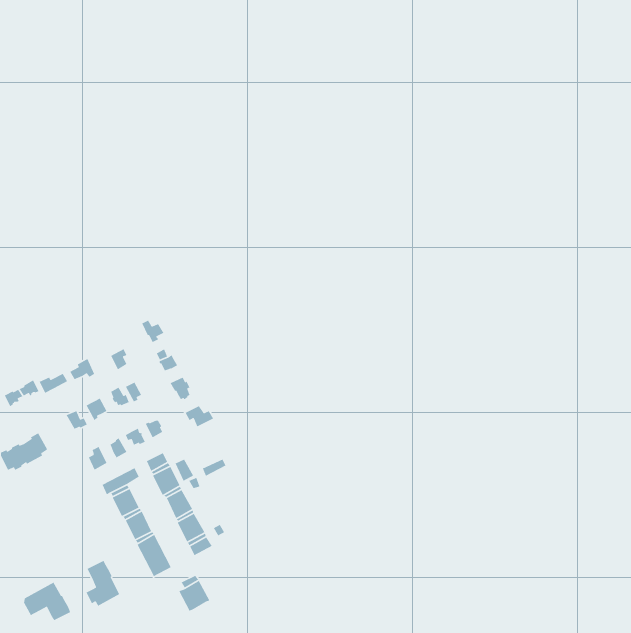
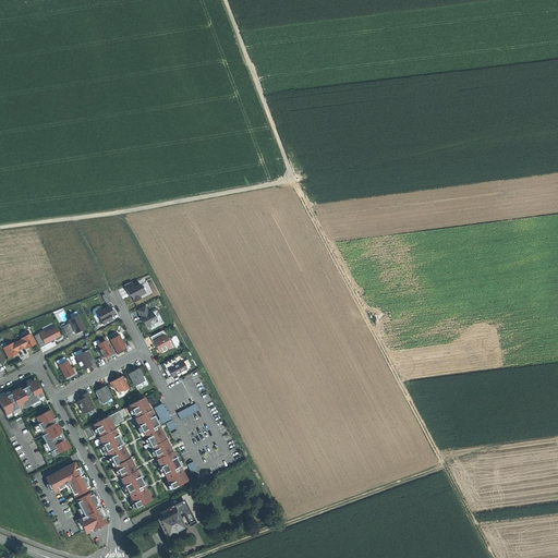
building: none -> [36,410,71,454]
building: [23,582,71,621] -> [48,462,90,497]

